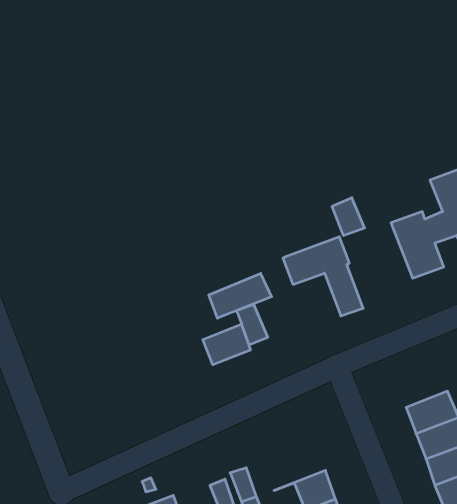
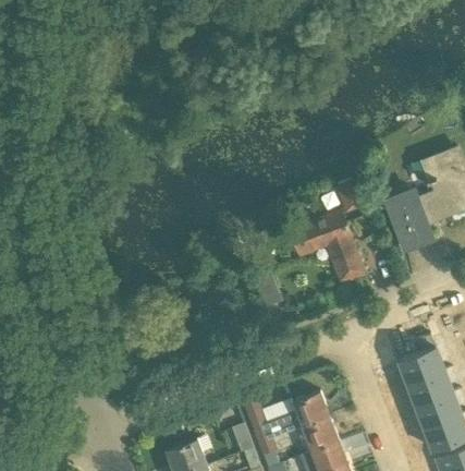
building: [209,273,272,318] -> none
building: [203,324,250,365] -> none
building: none -> [279,391,329,434]

